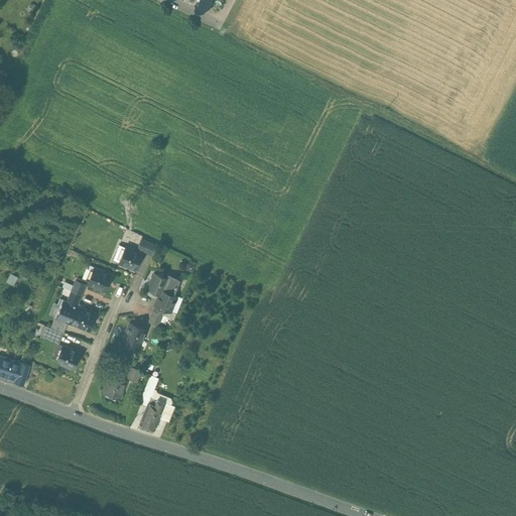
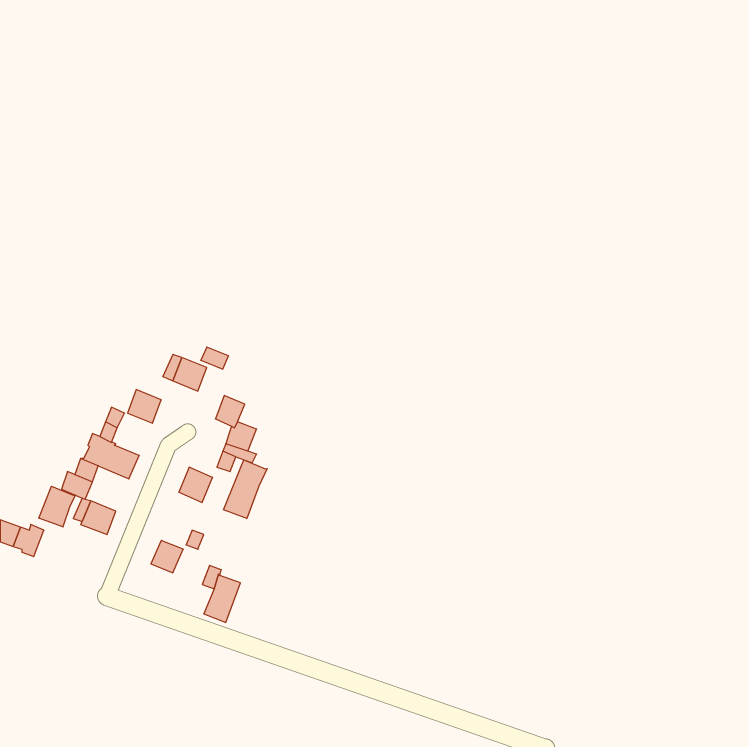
building: none -> [223,460,267,519]
building: none -> [39,486,75,527]

